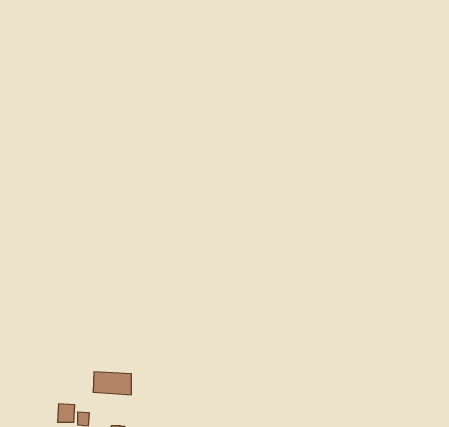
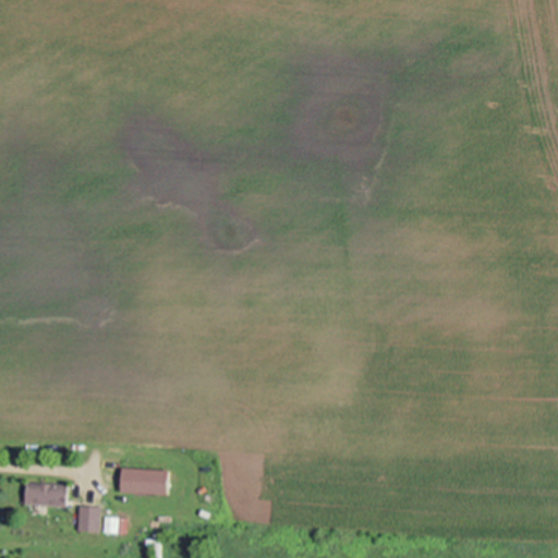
building: none -> [23,481,66,505]

